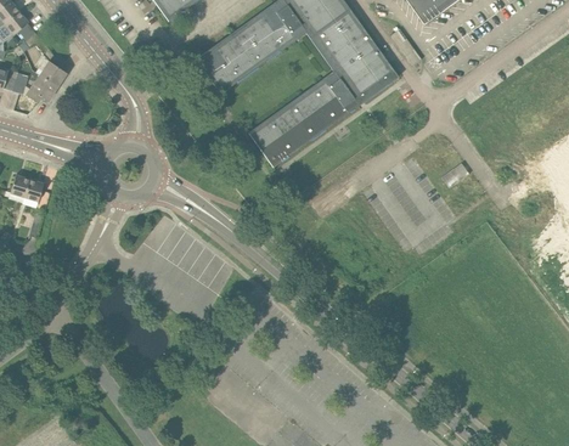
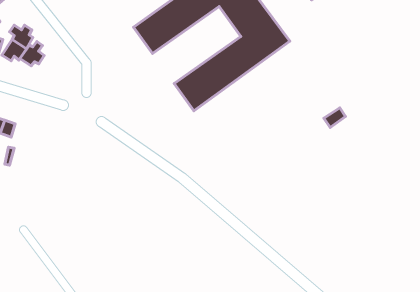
building: none -> [20,41,44,66]

